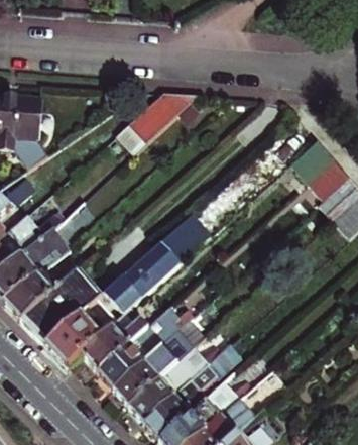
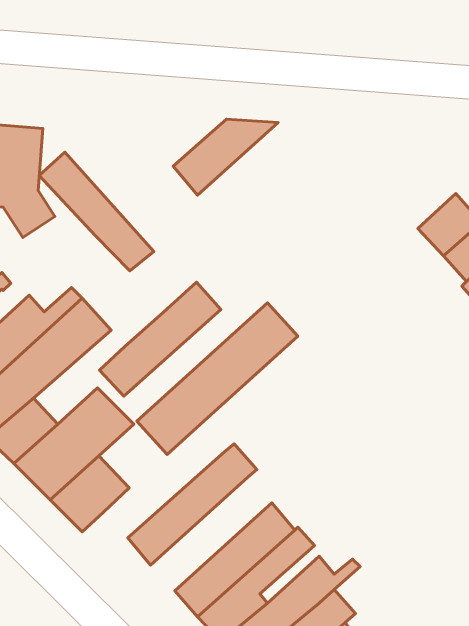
building: none -> [39,152,154,271]
building: [81,293,161,368] -> [99,282,221,396]
building: [112,328,193,404] -> none

